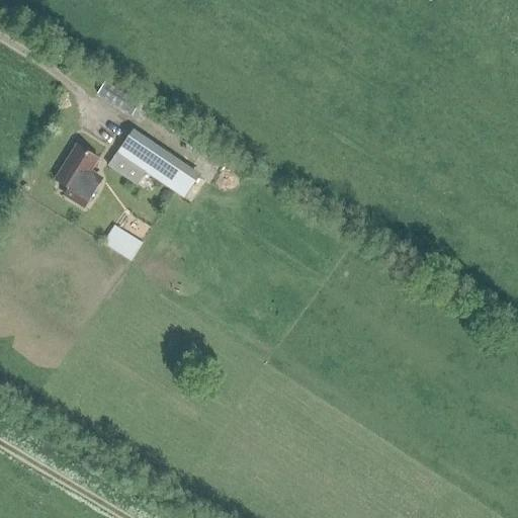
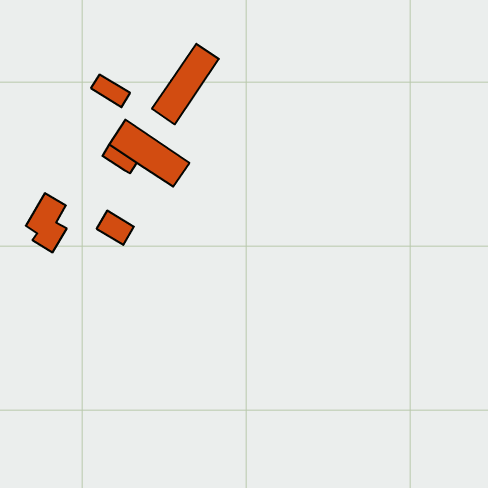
building: none -> [152,44,219,124]
building: [56,145,99,207] -> [26,193,67,252]

